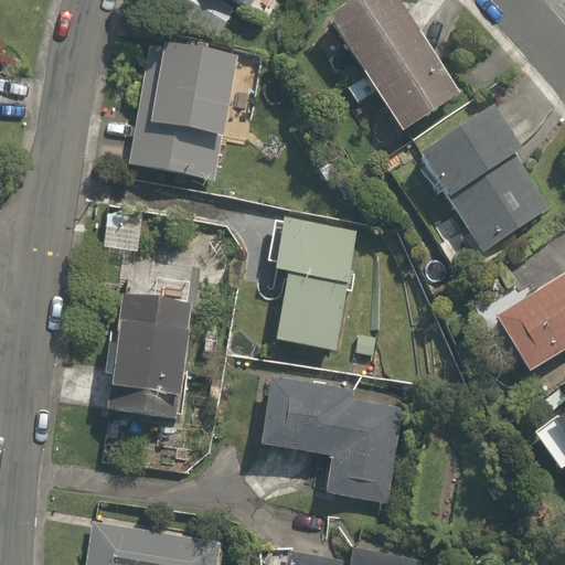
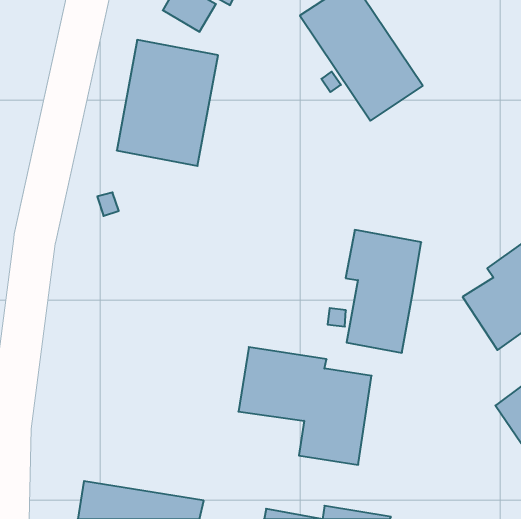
building: [420,107,552,257] -> none
building: [274,216,355,349] -> [346,230,421,353]
building: [106,291,192,418] -> none

